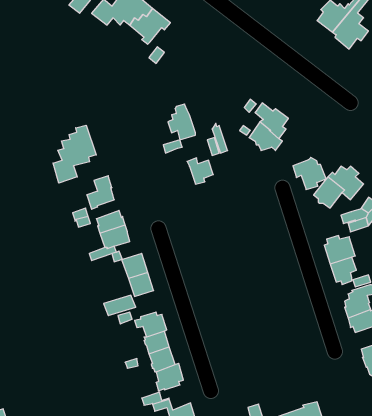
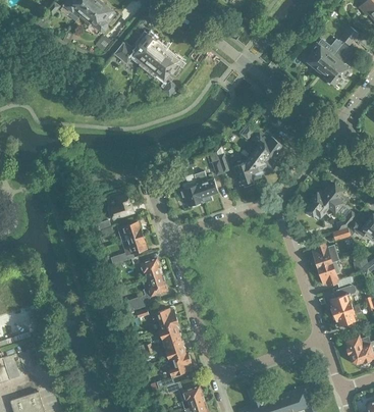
building: [168,104,195,140] -> [179,174,203,205]
building: [53,125,96,183] -> none
building: [293,157,326,190] -> [233,159,262,187]

